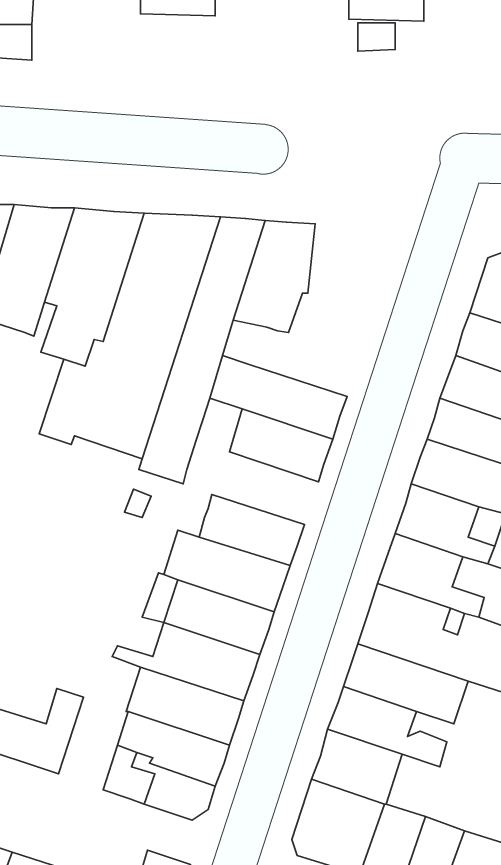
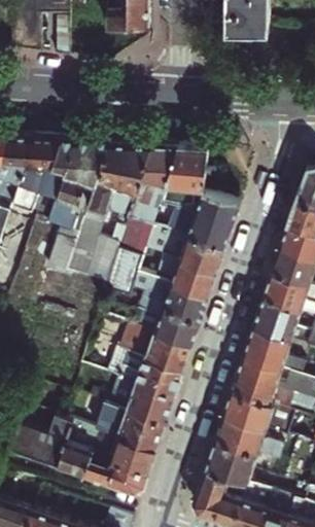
building: none -> [152,189,241,249]
building: none -> [132,275,208,323]
building: none -> [58,423,98,477]

